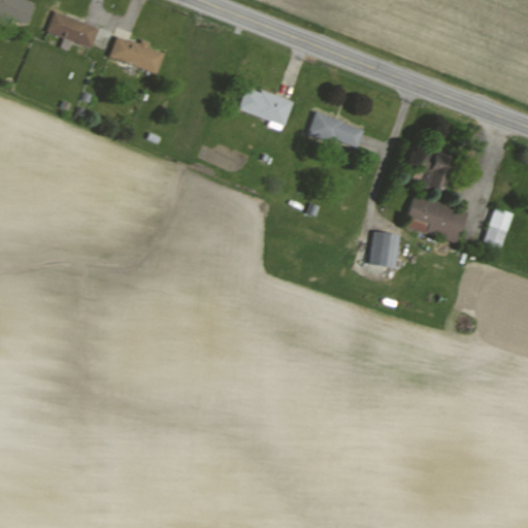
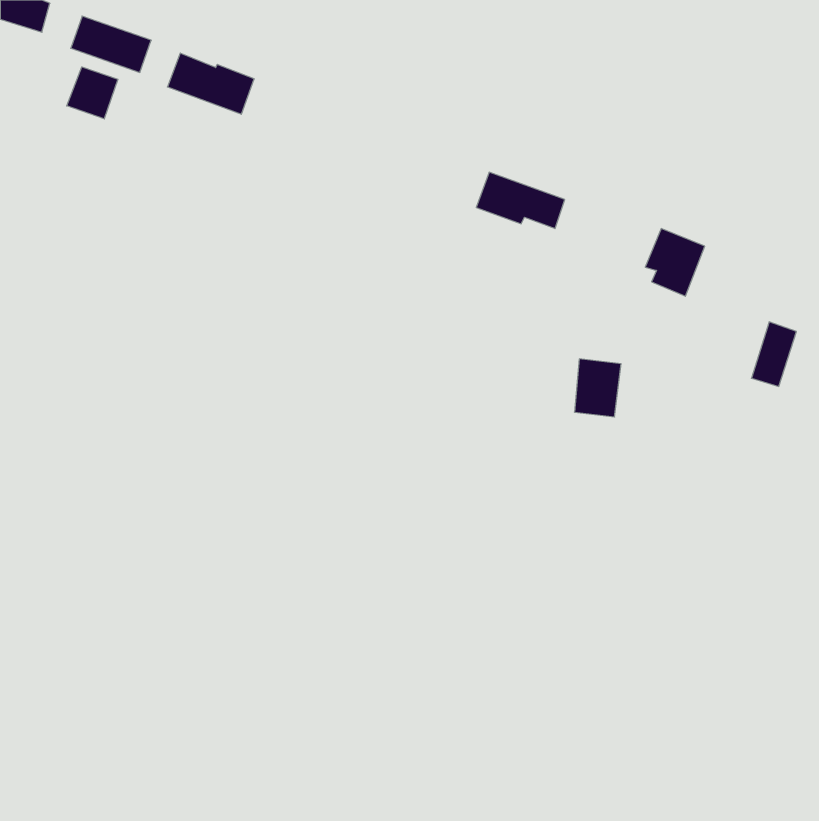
building: none -> [67,67,118,119]
building: [238,86,293,131] -> none
building: [407,195,467,242] -> none

